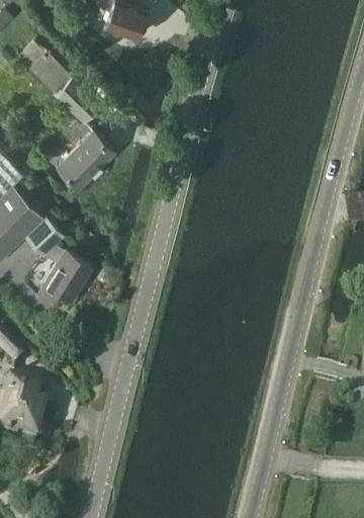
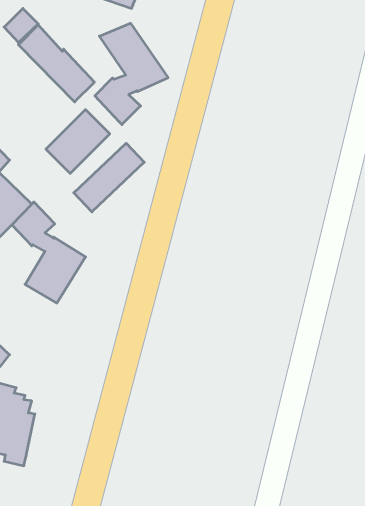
building: none -> [95,23,168,125]
building: none -> [74,143,144,212]

